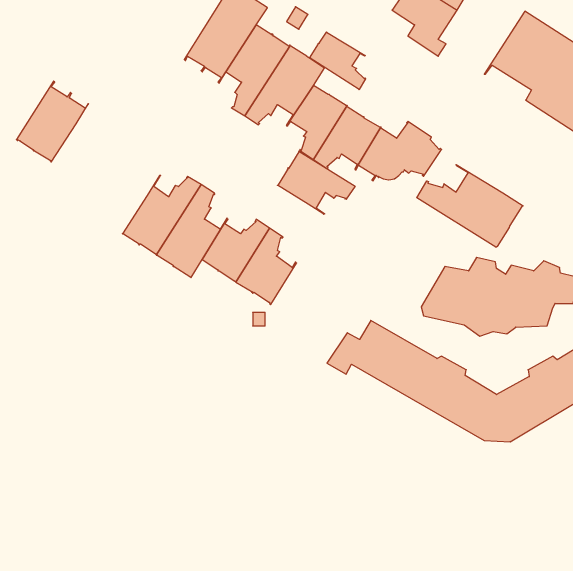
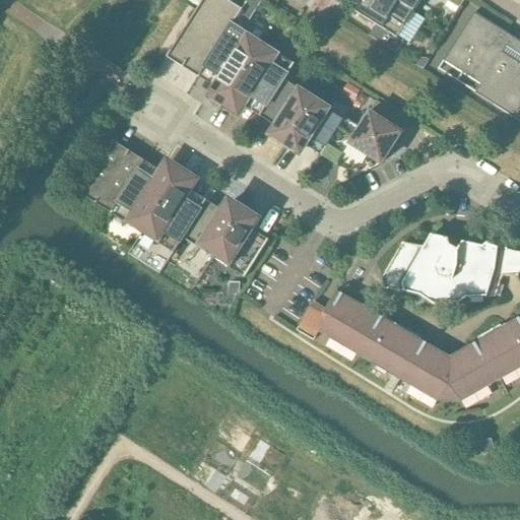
building: [309,32,366,90] -> none
building: [16,81,88,162] -> [80,138,145,211]
building: [277,151,355,214] -> none
building: [417,165,523,247] -> none

